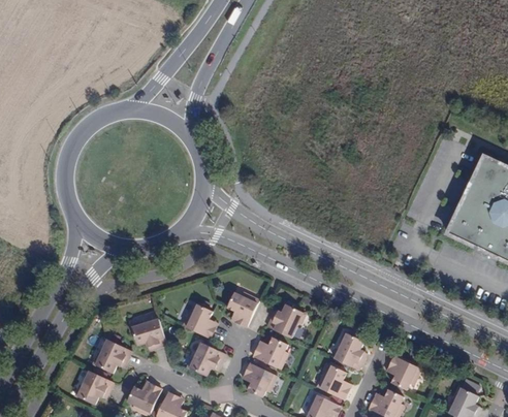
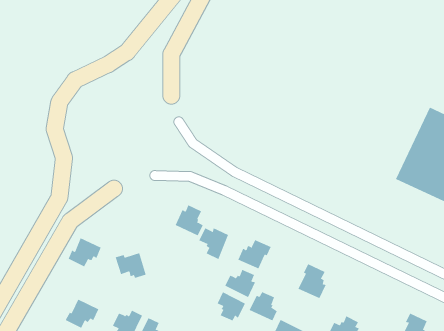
building: [184,302,216,338] -> [175,205,204,236]
building: [94,339,131,372] -> [68,237,101,267]
building: [189,342,227,375] -> none
building: [389,354,420,389] -> none
building: [318,365,350,398] -> [249,292,278,321]

